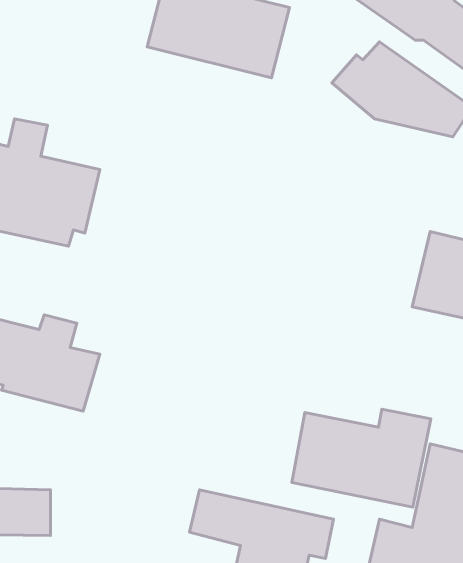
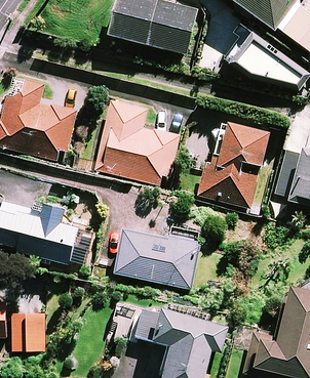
building: none -> [96,100,178,186]
building: none -> [198,122,269,208]
building: [292,409,431,507] -> [115,227,202,289]

